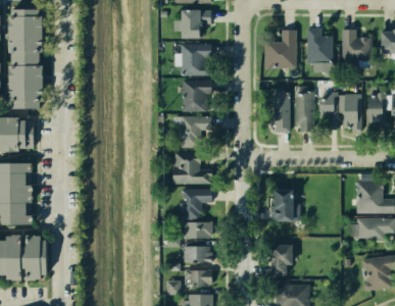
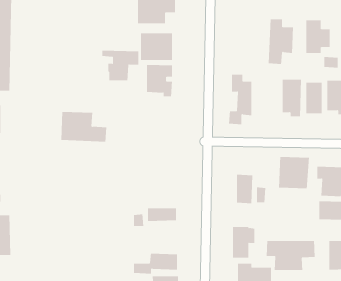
building: [263,32,297,79] -> none
building: [295,96,316,131] -> none
building: [171,114,210,146] -> [101,50,139,81]
building: [169,155,217,187] -> [60,111,107,142]
building: none -> [279,156,309,189]
building: [185,192,211,220] -> none
building: [184,249,210,265] -> none
building: none -> [266,240,315,271]

